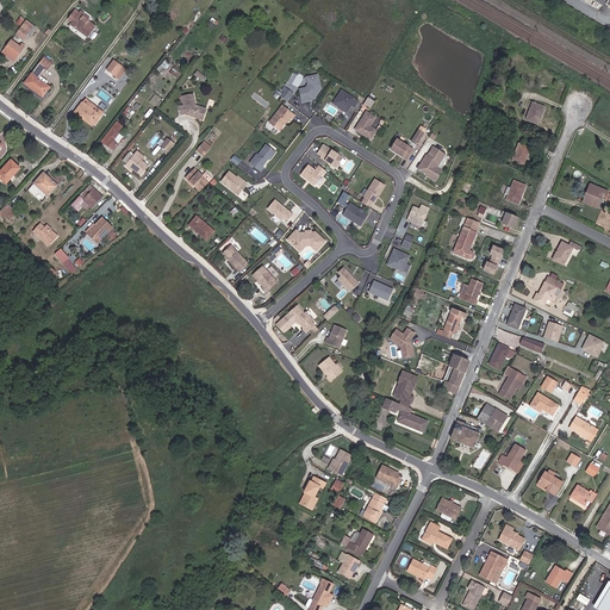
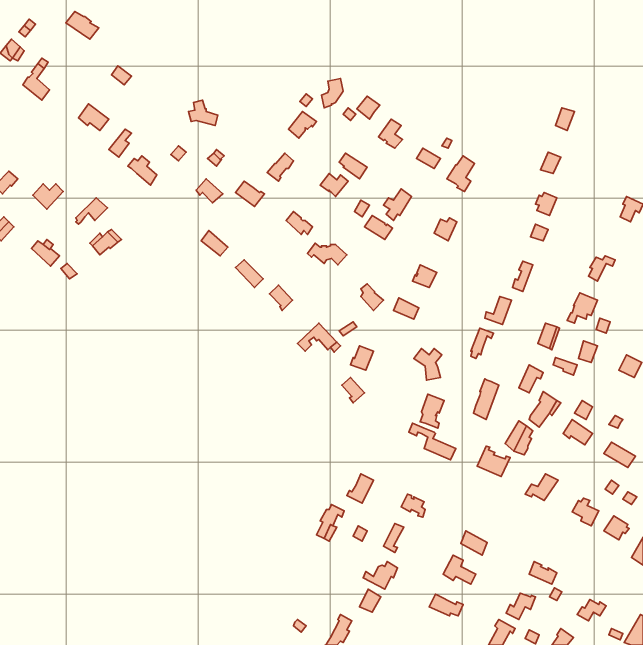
building: [453,219,478,259] -> none

